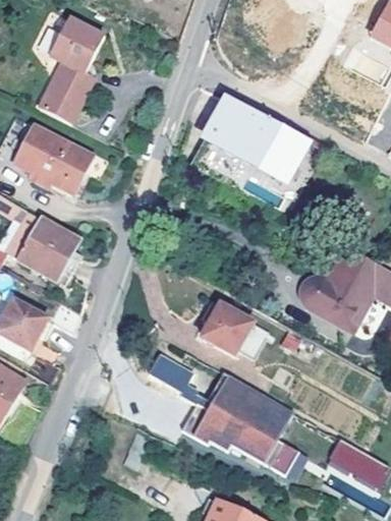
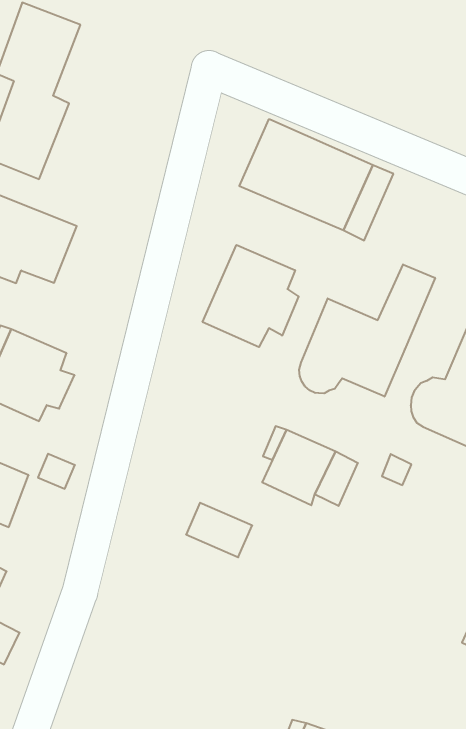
building: none -> [203,245,299,347]
building: none -> [299,264,435,397]
building: [183,371,296,468] -> none

